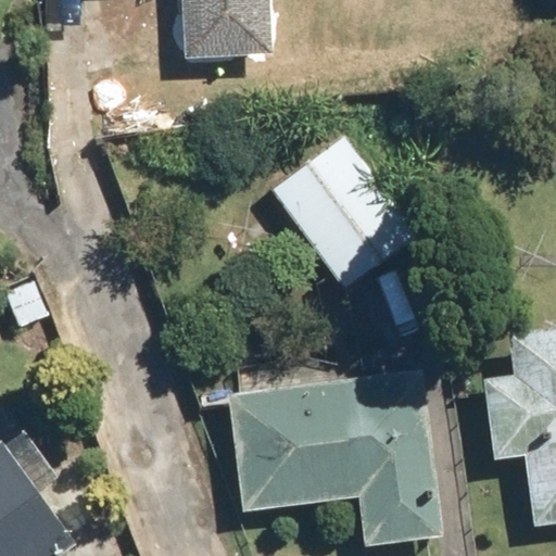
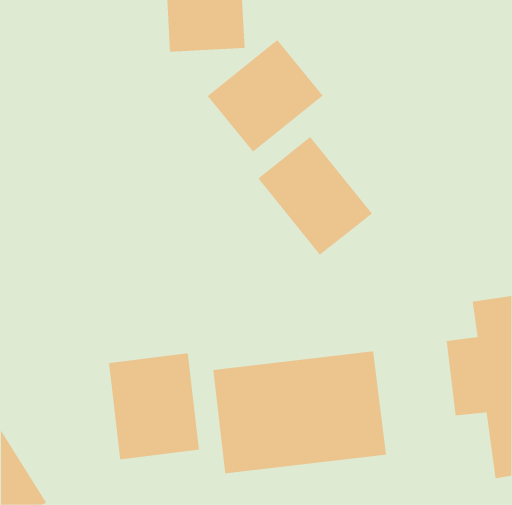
building: none -> [207,39,323,153]
building: none -> [108,353,199,460]

